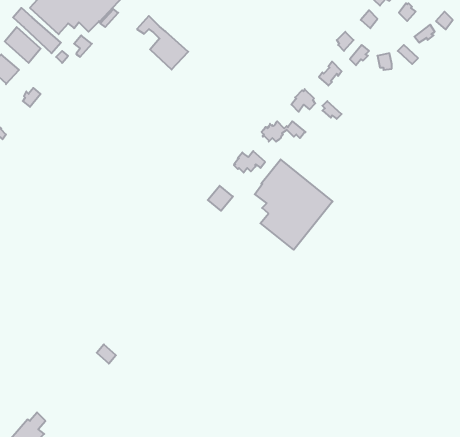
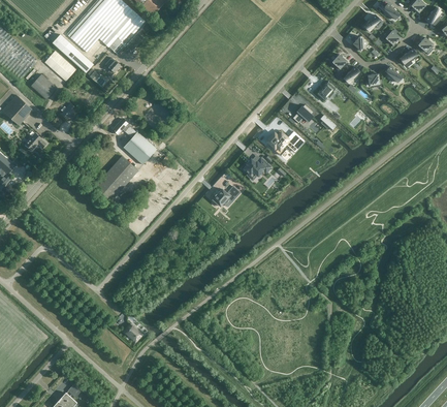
building: [137,16,188,70] -> [111,118,156,164]
building: none -> [94,155,137,200]
building: [255,159,333,250] -> none

